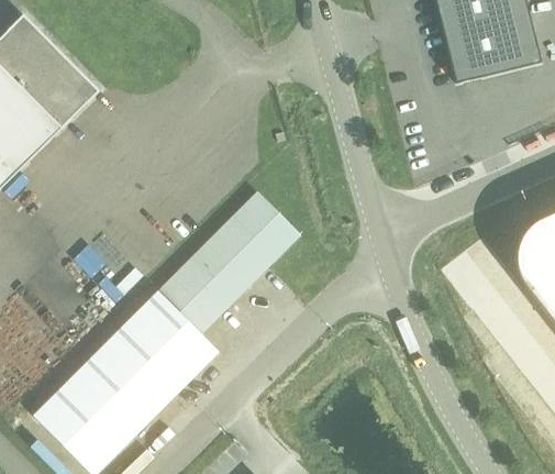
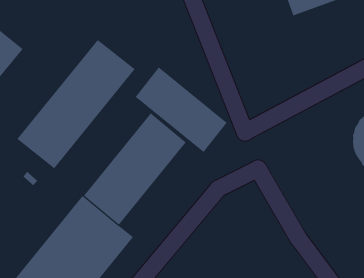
building: none -> [16,39,136,169]
building: none -> [135,67,228,153]

